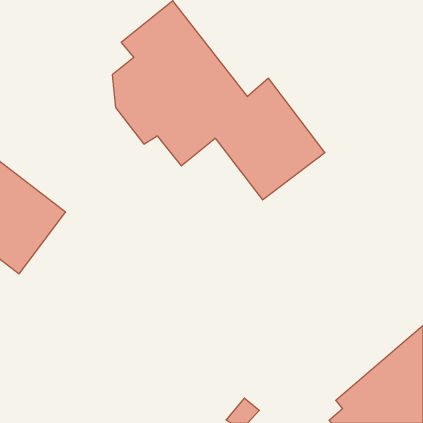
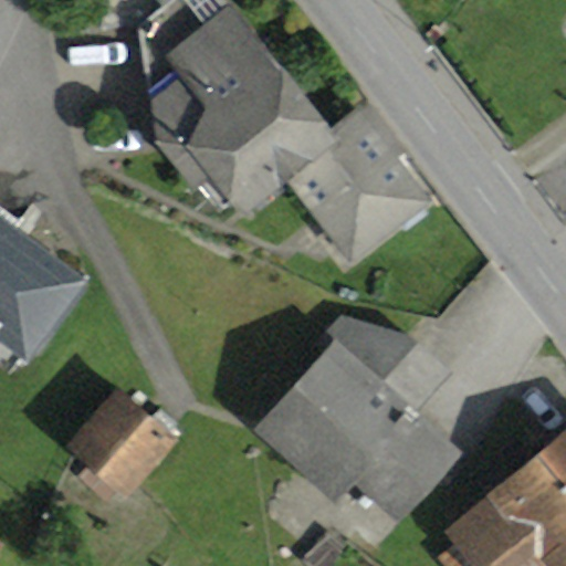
building: none -> [255,312,467,528]
building: none -> [62,386,178,501]

